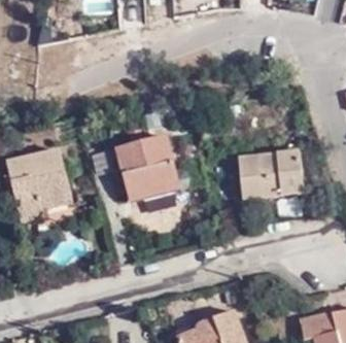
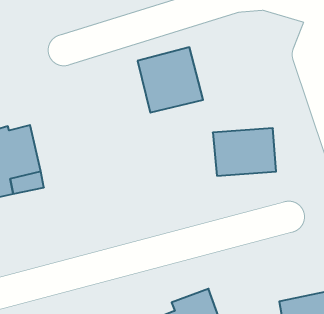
building: [115,135,179,199] -> [138,47,203,113]

